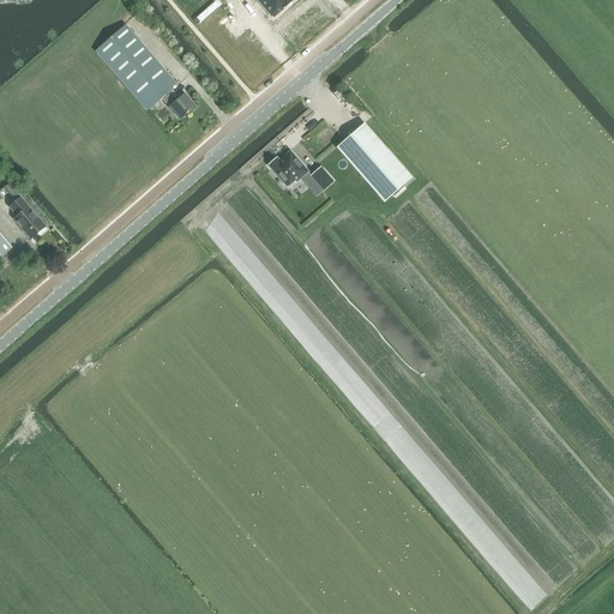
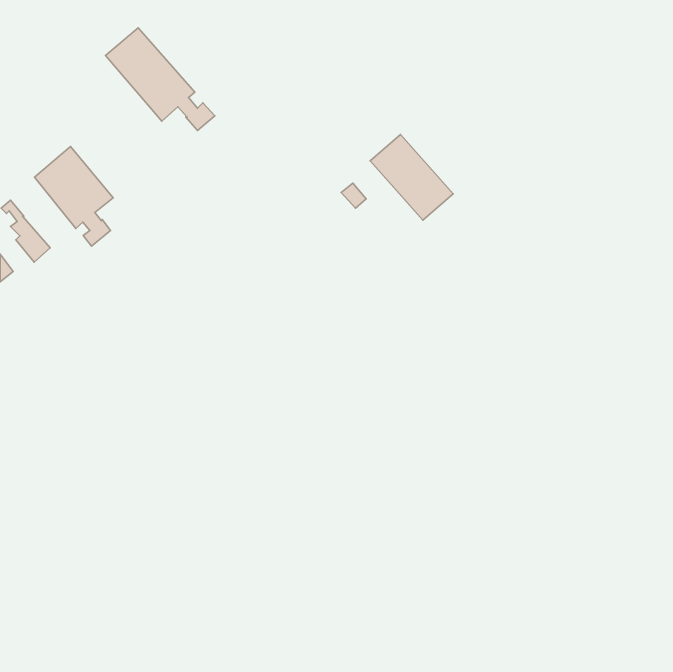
building: none -> [34,147,113,246]
building: [269,150,309,186] -> none

